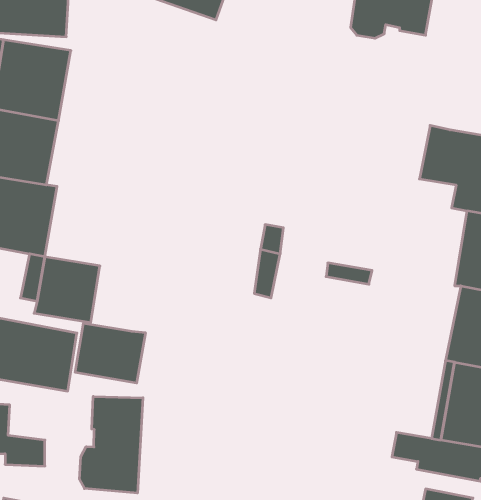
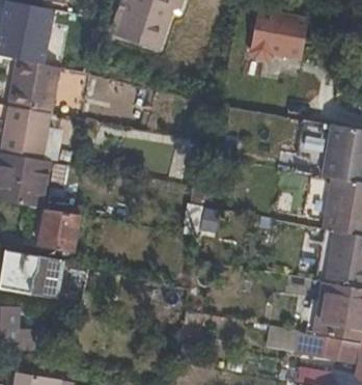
building: [75,323,145,383] -> none
building: [80,396,143,493] -> none

